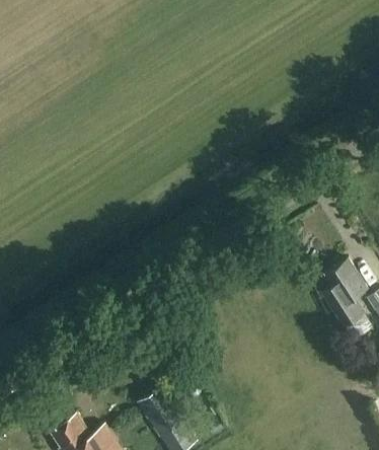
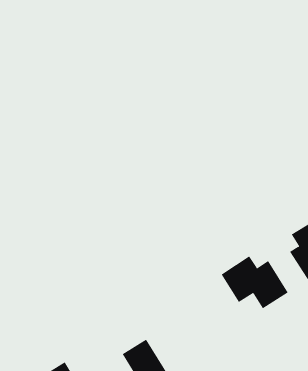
building: none -> [221,255,288,309]

